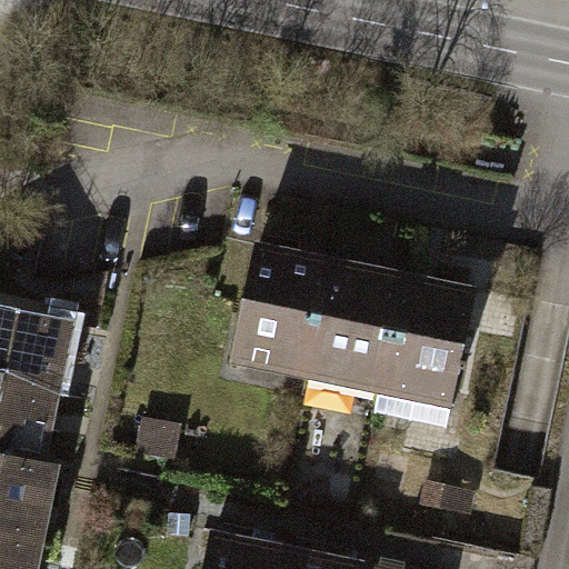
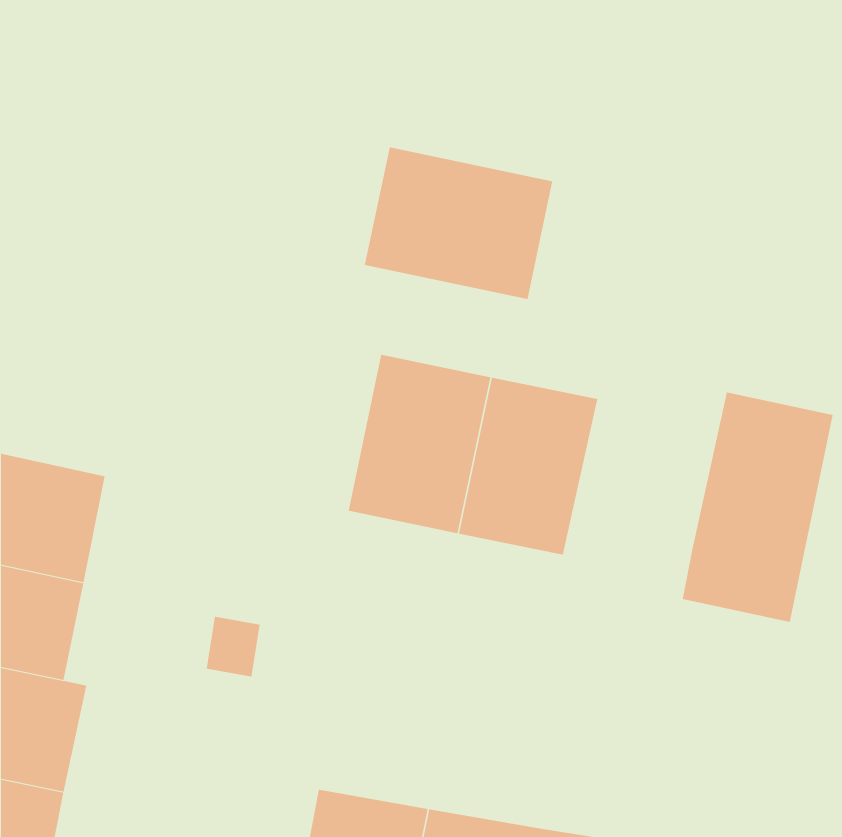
building: none -> [364,146,553,300]
building: [373,272,476,428] -> [682,392,833,622]

